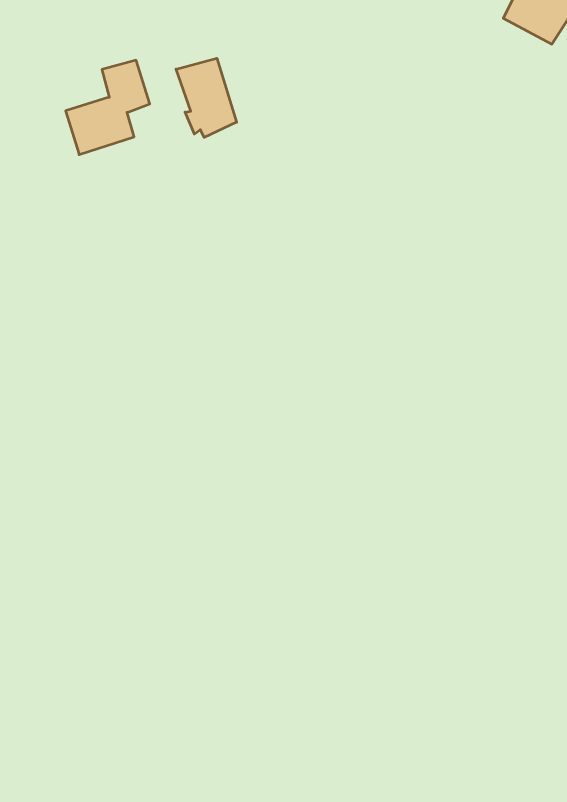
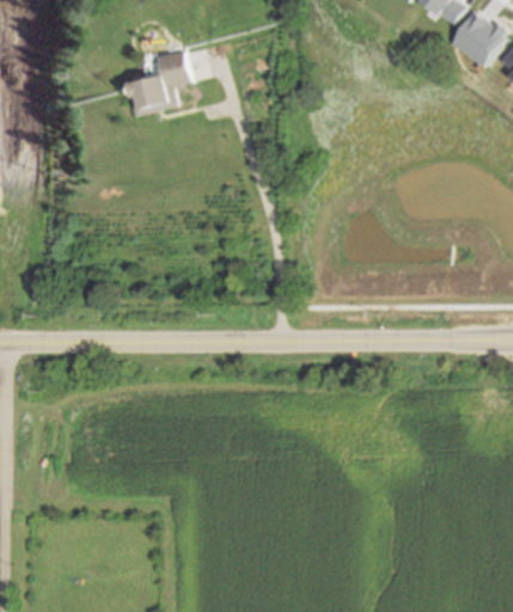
building: [176,58,237,137] -> none

